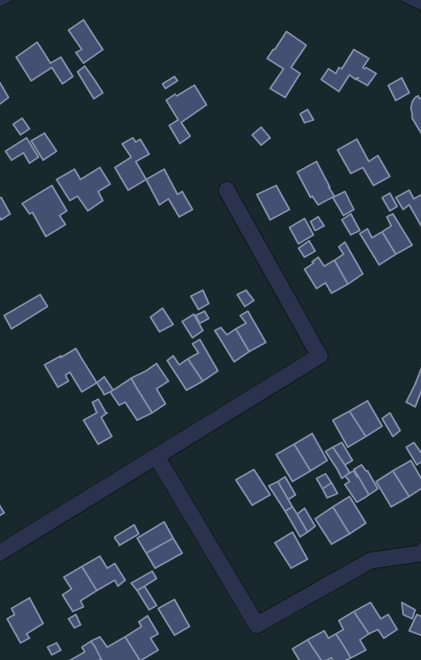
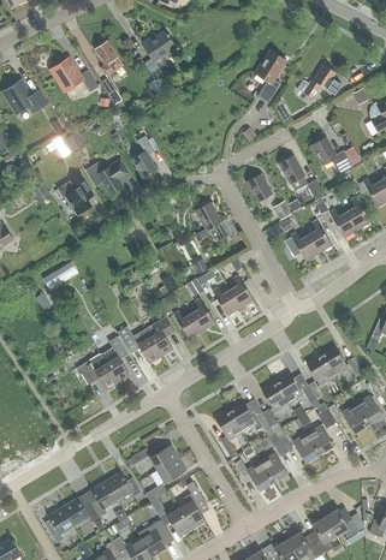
building: [166,85,207,144] -> [142,30,174,77]
building: [146,169,192,217] -> [195,201,232,239]
building: [45,348,97,392] -> [76,353,118,388]
building: none -> [215,410,242,458]
building: none -> [234,458,273,490]
building: none -> [179,481,204,528]
building: none -> [63,496,97,525]

